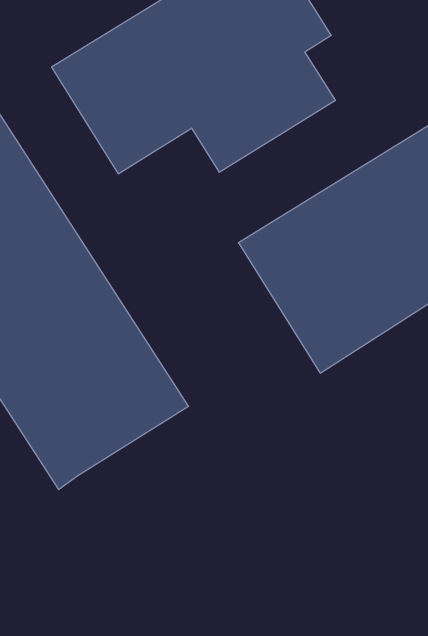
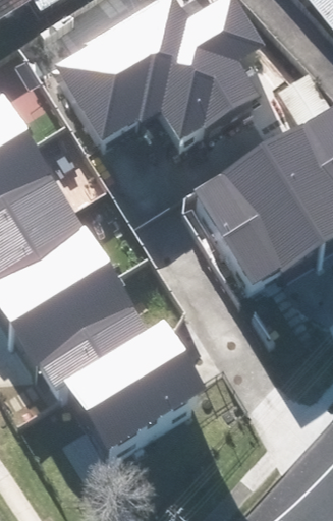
building: none -> [68,320,204,443]

